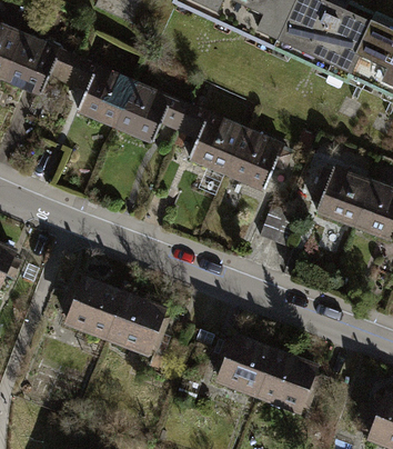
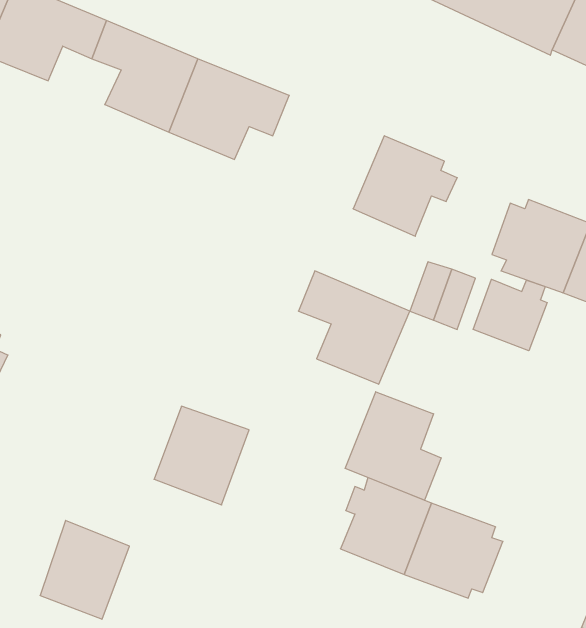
building: [178,103,245,172] -> [298,271,410,384]
building: none -> [473,279,547,351]
building: [68,277,122,337] -> [40,520,129,619]
building: none -> [345,392,441,500]

